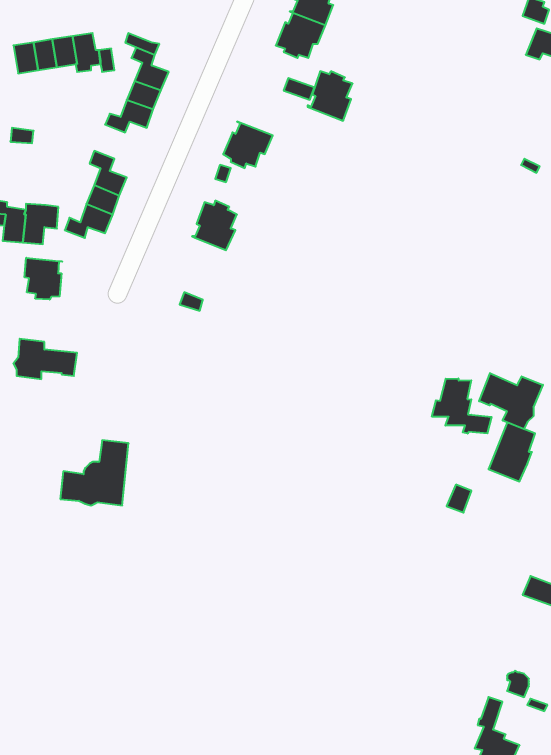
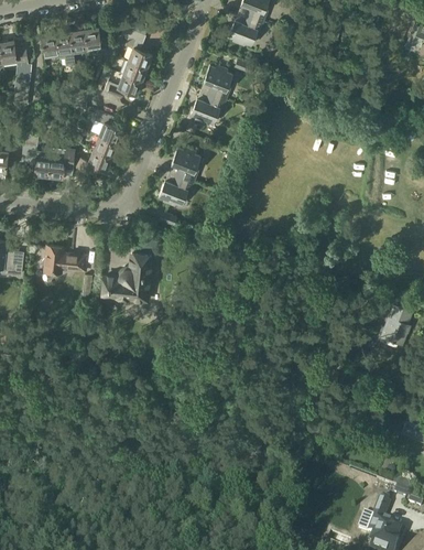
building: [308,71,353,121] -> [200,65,232,100]
building: none -> [159,173,193,205]
building: [25,258,62,300] -> none
building: [479,373,543,429] -> none
building: [432,378,492,434] -> none
building: [60,440,129,505] -> [102,254,151,300]

